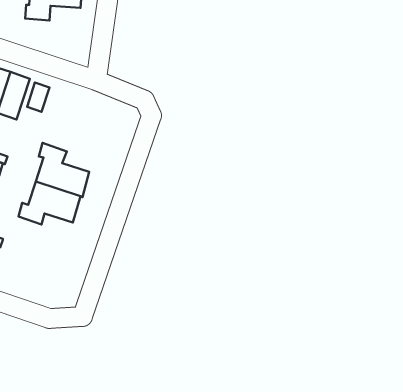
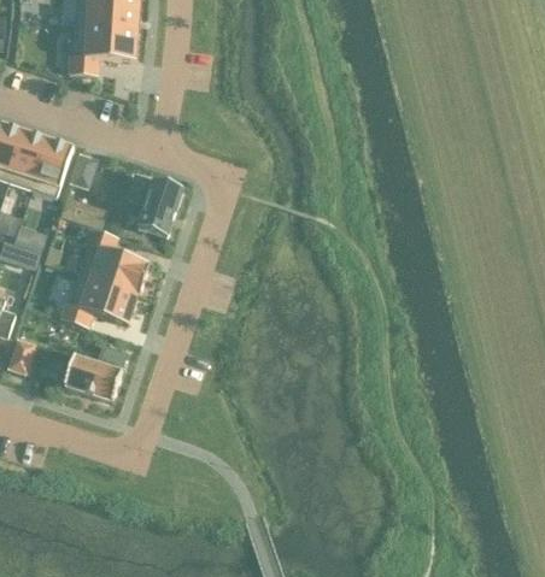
building: none -> [127,176,182,236]
building: none -> [64,345,124,402]

